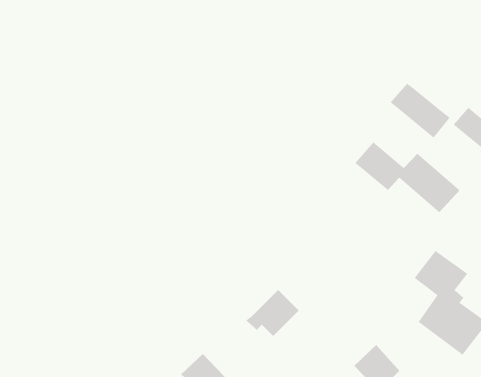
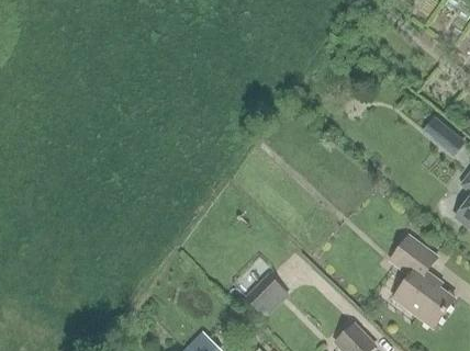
building: [390,83,450,139] -> none
building: [354,141,461,213] -> none

